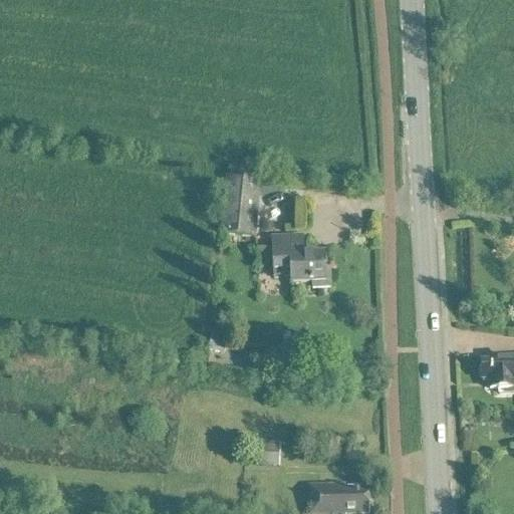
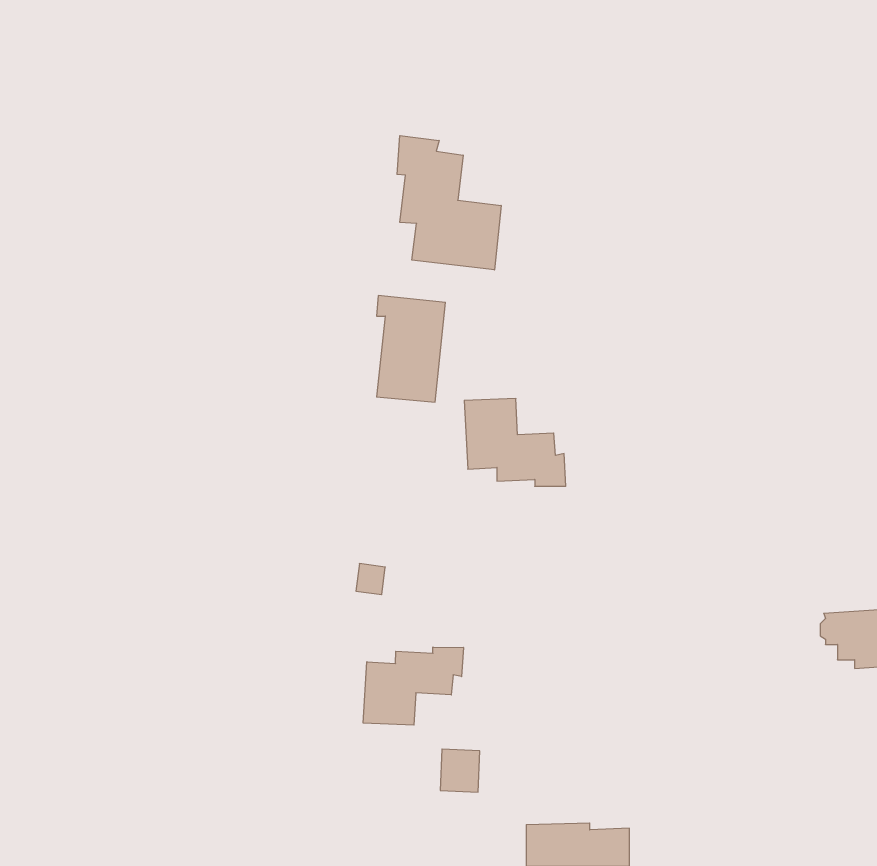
building: none -> [397,136,501,270]
building: none -> [363,647,463,725]

